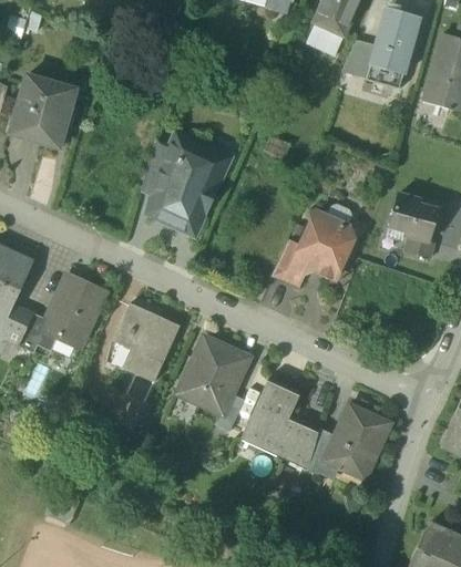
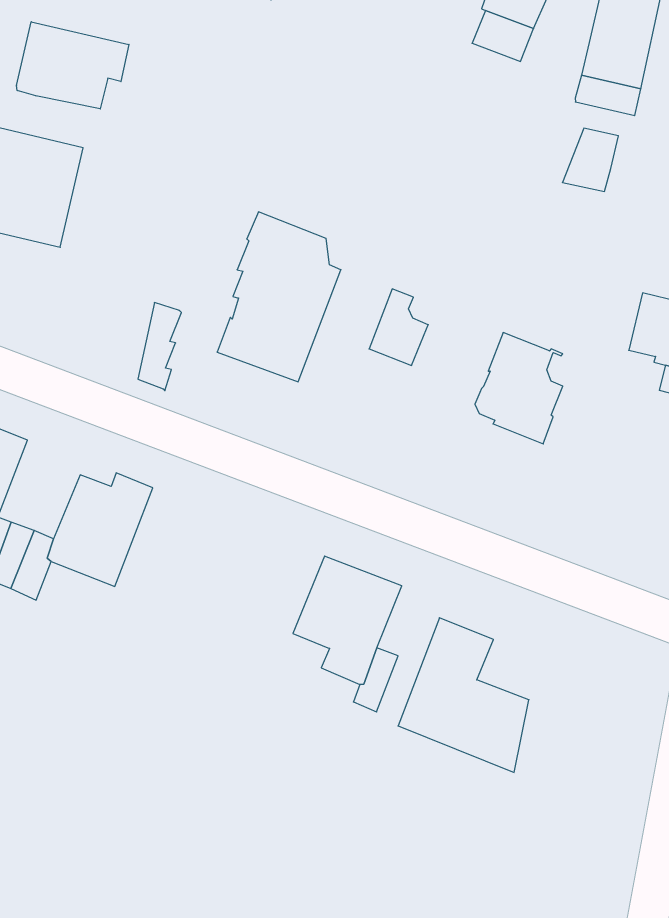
building: none -> [17,22,129,109]
building: [341,39,376,76] -> [562,128,618,191]
building: [142,143,170,195] -> [138,303,181,391]
building: [273,240,308,286] -> [369,289,428,365]
building: [107,302,178,381] -> none
building: [308,403,391,478] -> none

